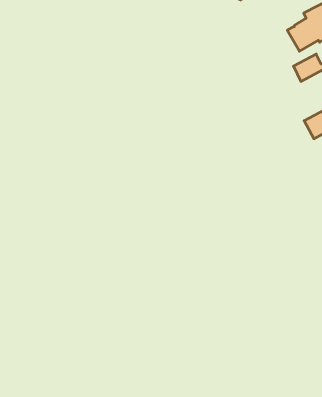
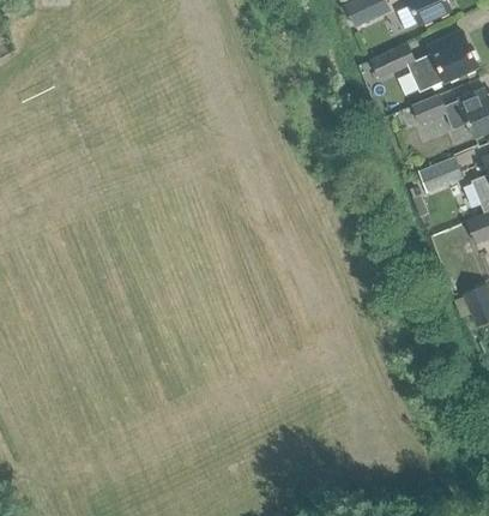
building: none -> [370,42,416,79]

